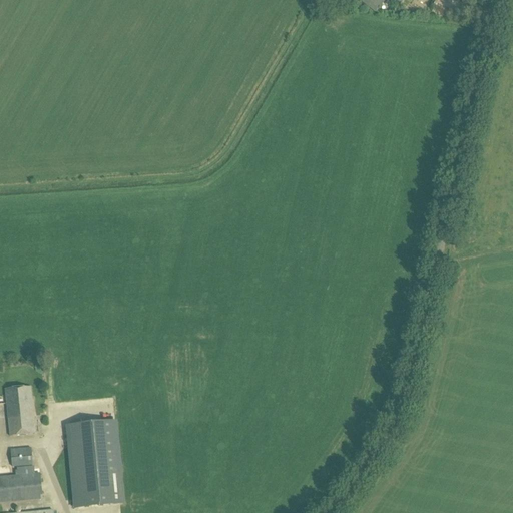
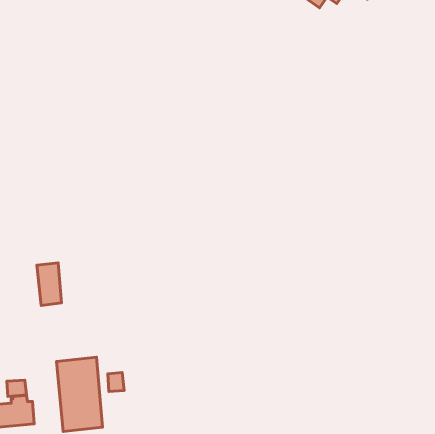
building: [4,384,33,434] -> [37,263,62,305]
building: none -> [108,372,124,391]

